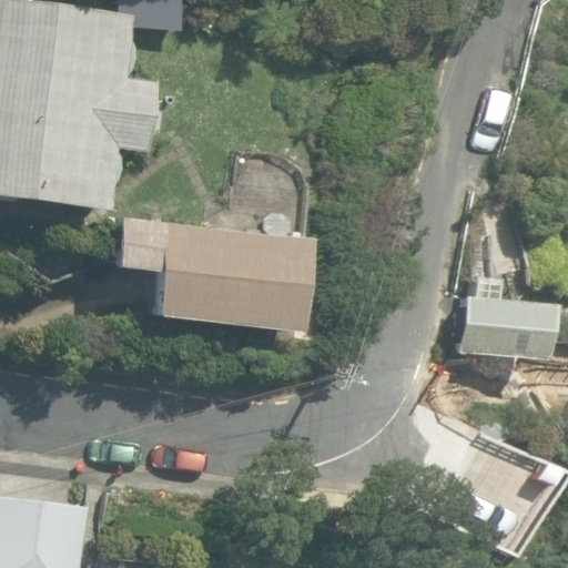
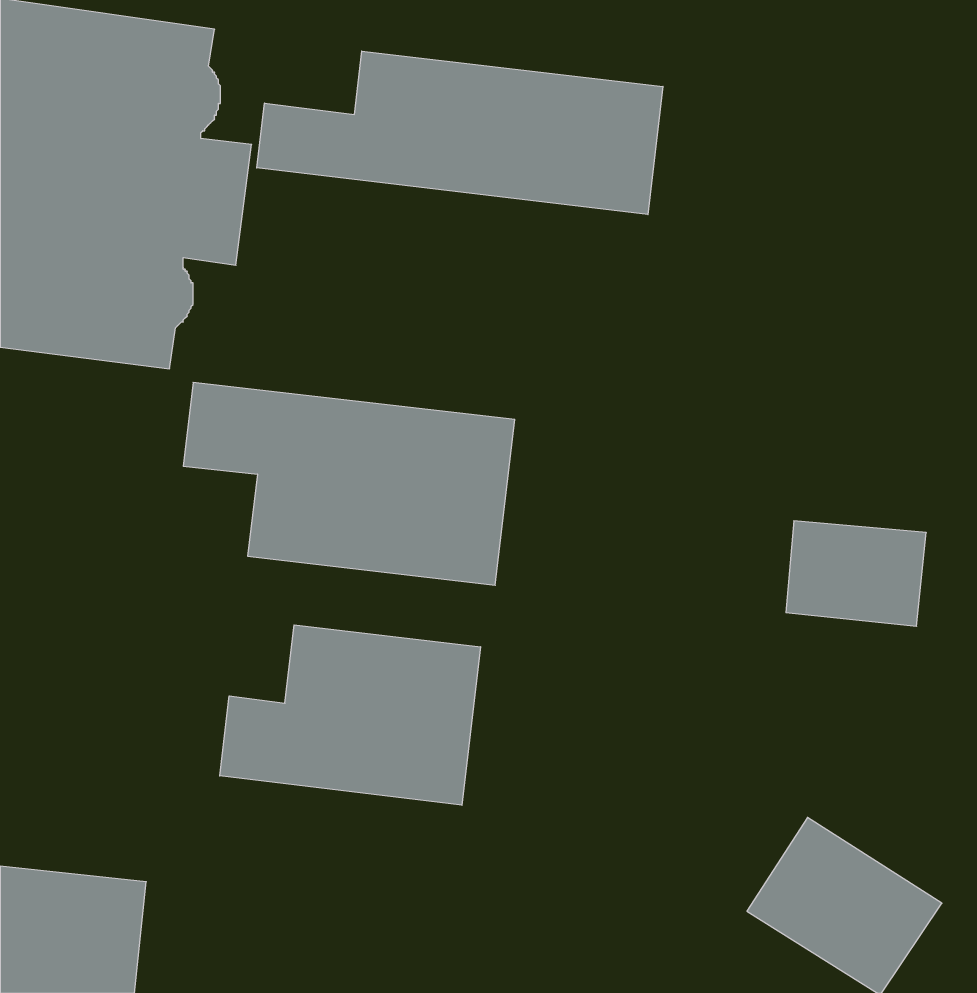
building: none -> [257,51,663,215]
building: none -> [220,625,481,805]

